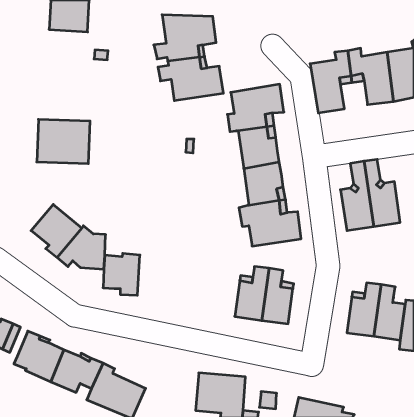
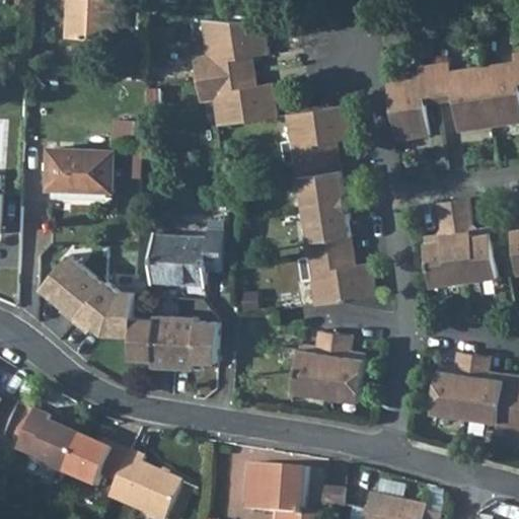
building: none -> [150,228,223,285]
building: none -> [170,317,216,369]

